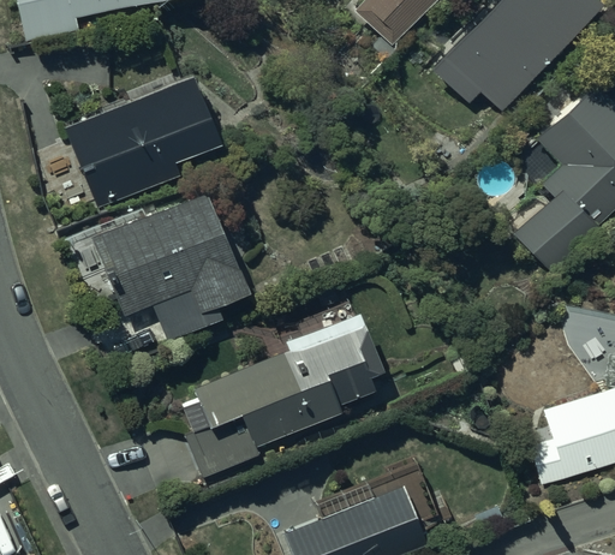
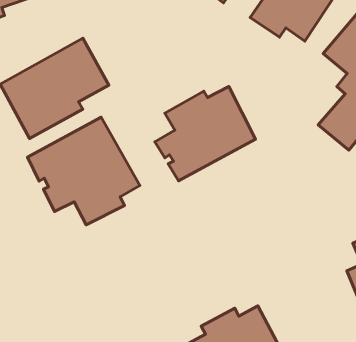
building: none -> [155,87,256,181]
building: [187,309,383,478] -> none

